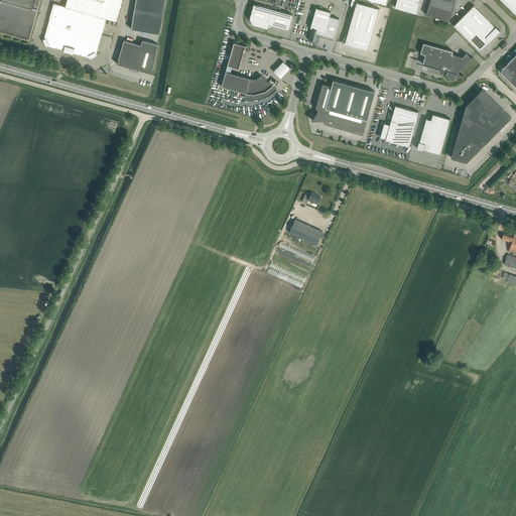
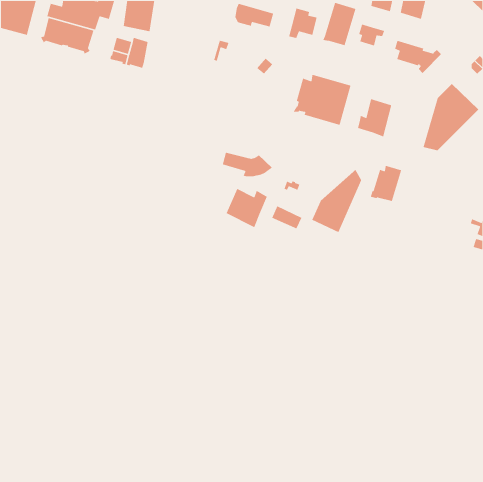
building: [454,6,500,51] -> none
building: none -> [358,23,385,46]
building: [222,72,276,100] -> [222,151,273,177]
building: [416,115,450,154] -> [370,165,402,202]
building: none -> [311,169,362,233]
building: none -> [226,188,268,228]

